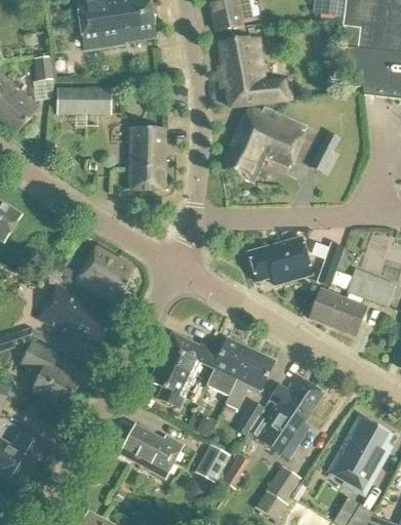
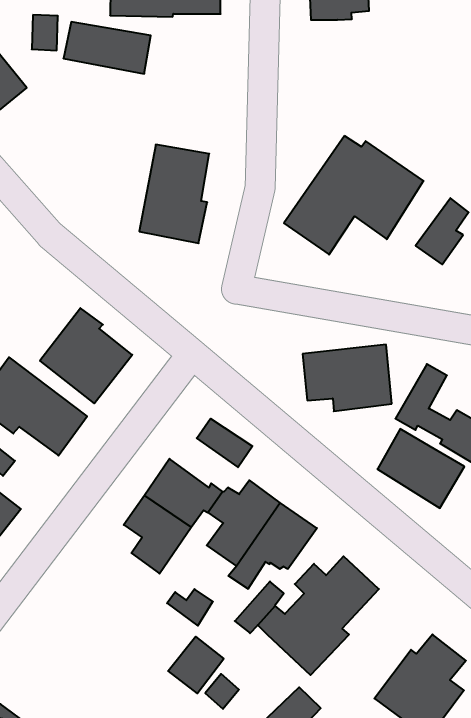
building: [217,36,292,104] -> none
building: [55,91,110,117] -> [63,22,151,74]
building: none -> [197,419,252,467]
building: [120,425,183,478] -> none

